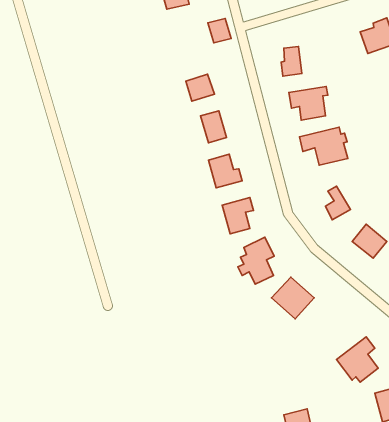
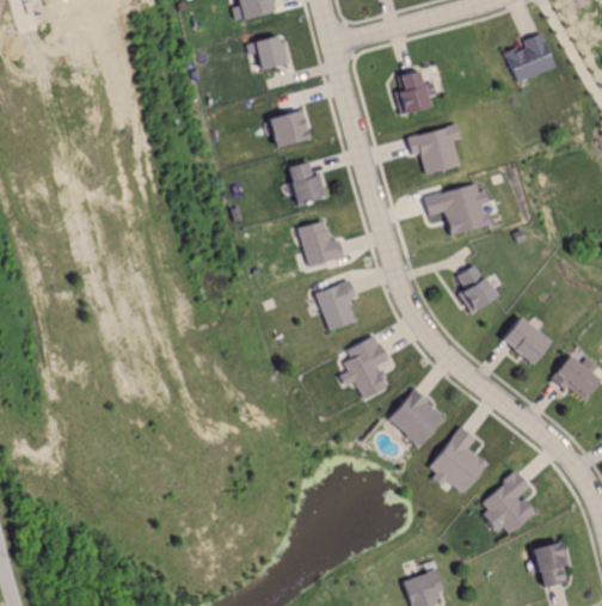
building: [208,19,231,43] -> [254,36,287,69]
building: none -> [428,427,487,496]

